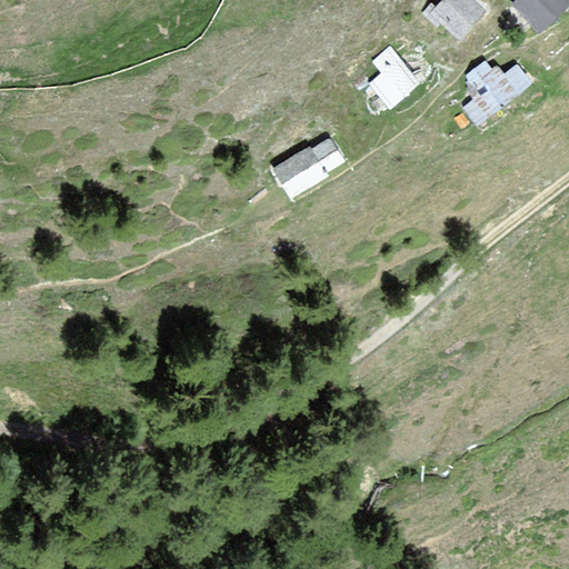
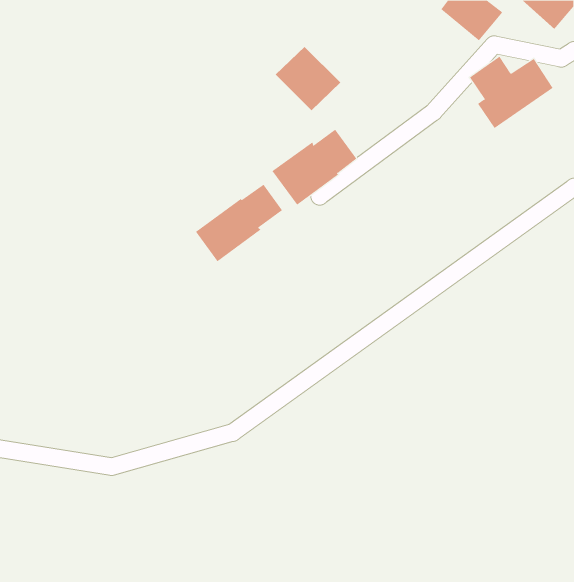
building: [357,46,421,109] -> [275,46,341,111]
building: none -> [195,184,283,262]

